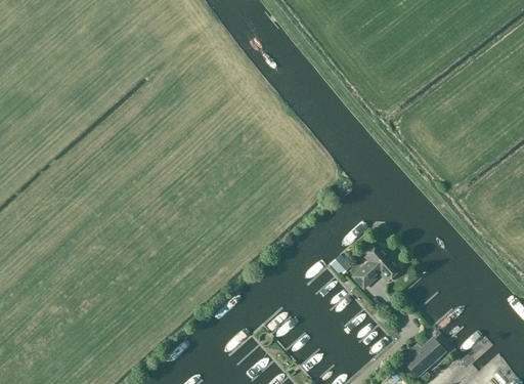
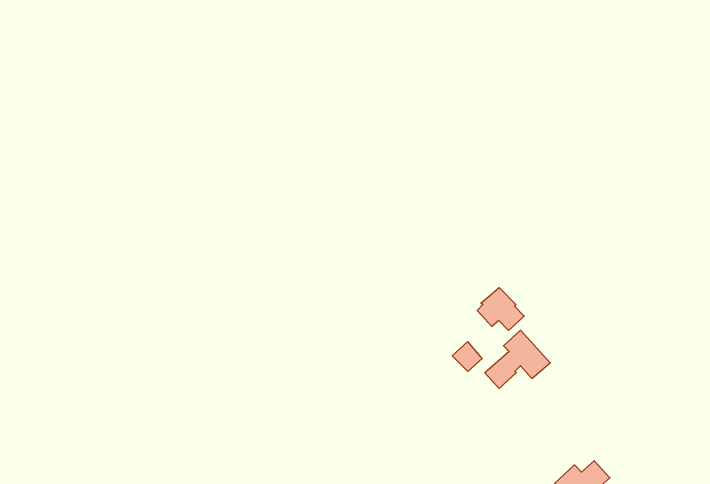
building: none -> [477,288,524,330]

